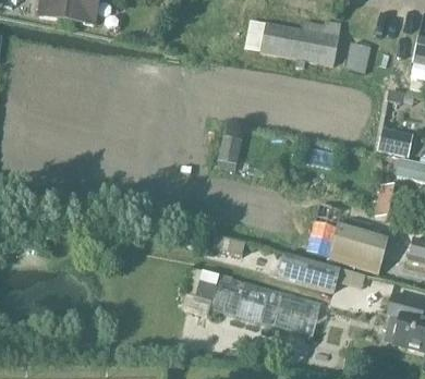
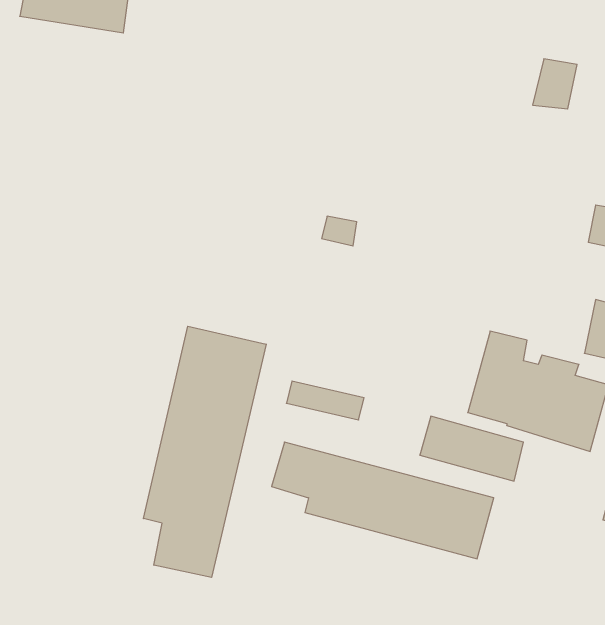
building: [245,19,340,68] -> none
building: none -> [143,326,266,577]

